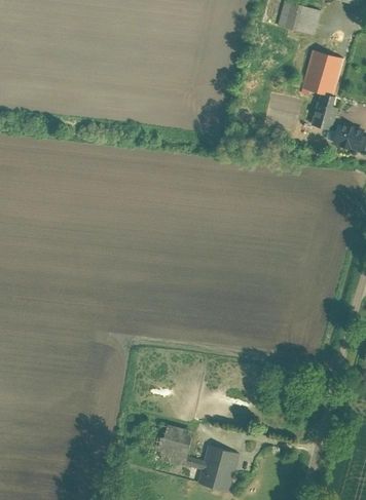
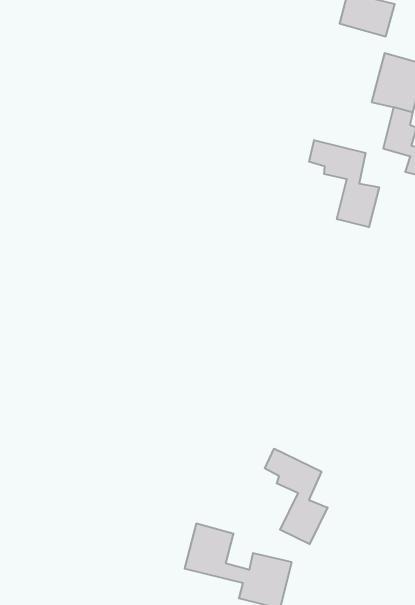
building: none -> [309,140,379,227]
building: none -> [265,449,328,544]

